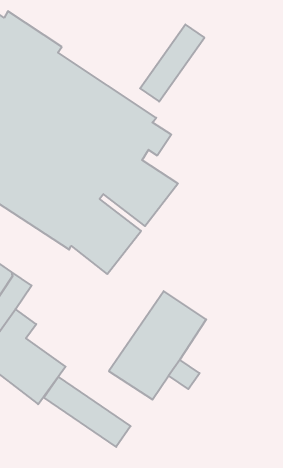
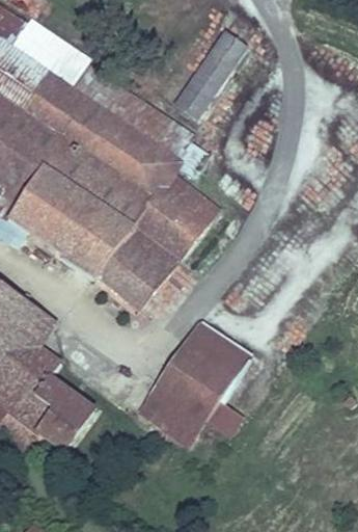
building: [44,377,131,447] -> none

